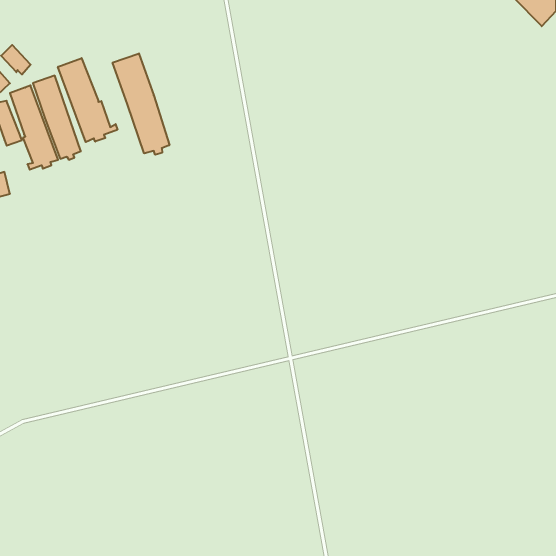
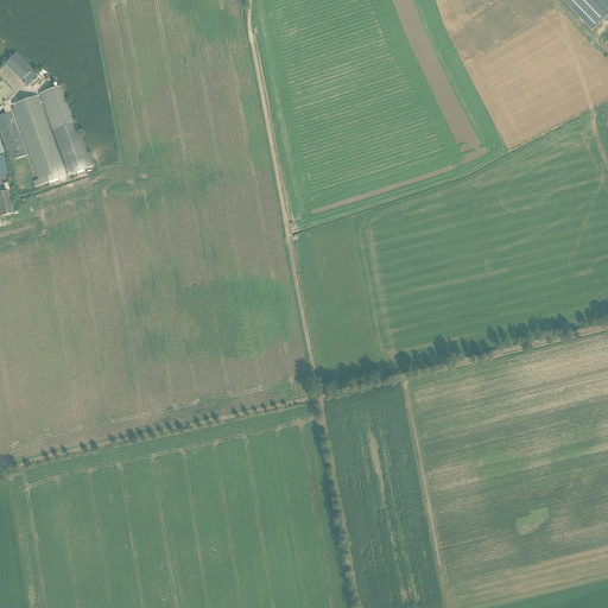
building: [113,53,169,155] -> none
building: [58,58,117,142] -> none

